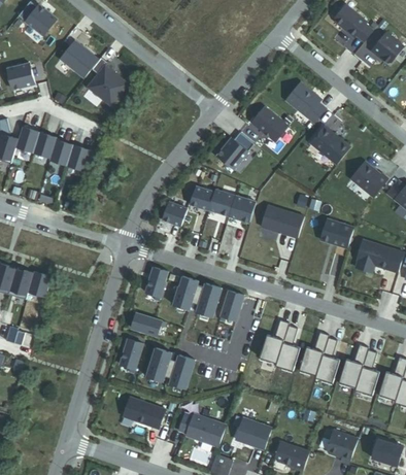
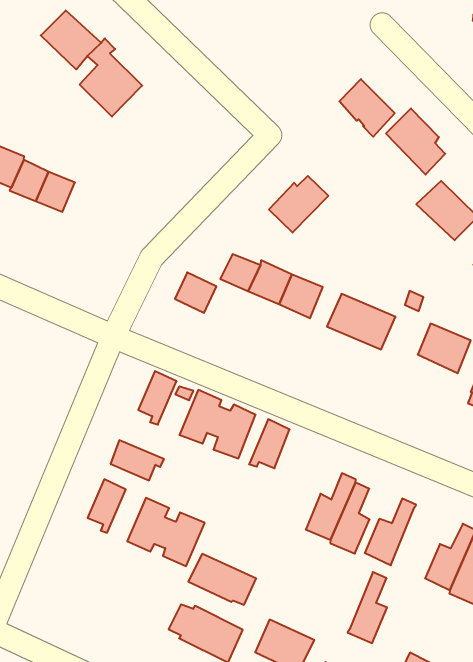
building: [251,106,287,142] -> [339,79,395,137]
building: [315,337,339,382] -> [348,572,387,643]
building: [123,397,166,427] -> [188,554,256,605]

